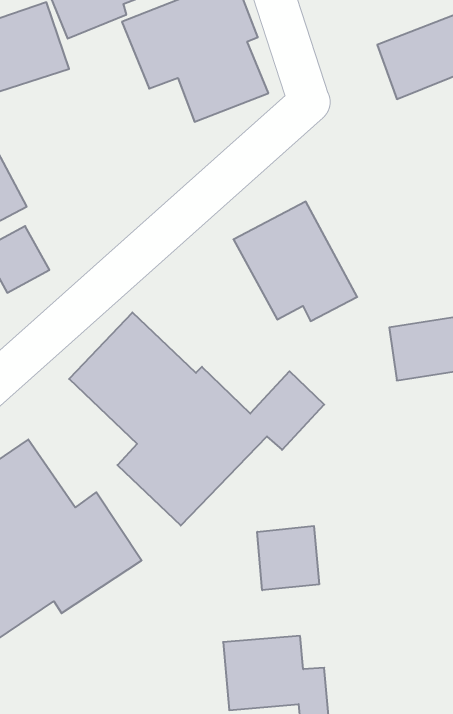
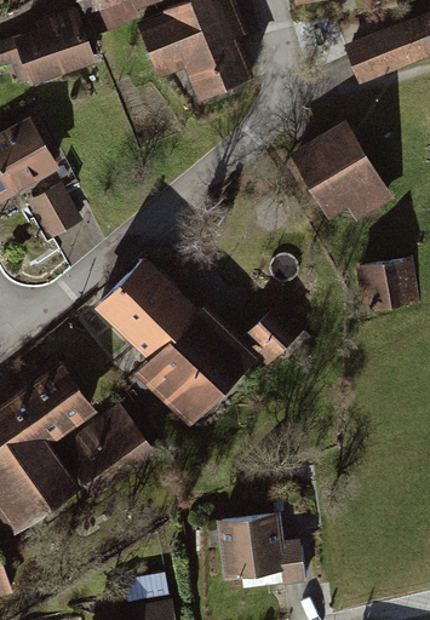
building: [233,202,357,321] -> [289,124,389,219]
building: [257,526,319,590] -> none

